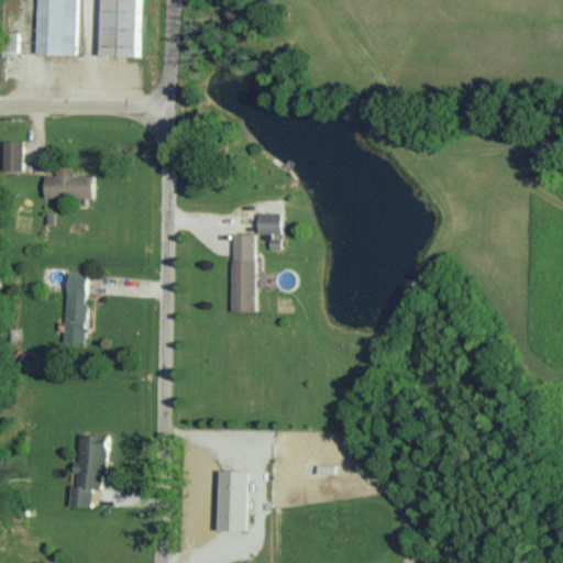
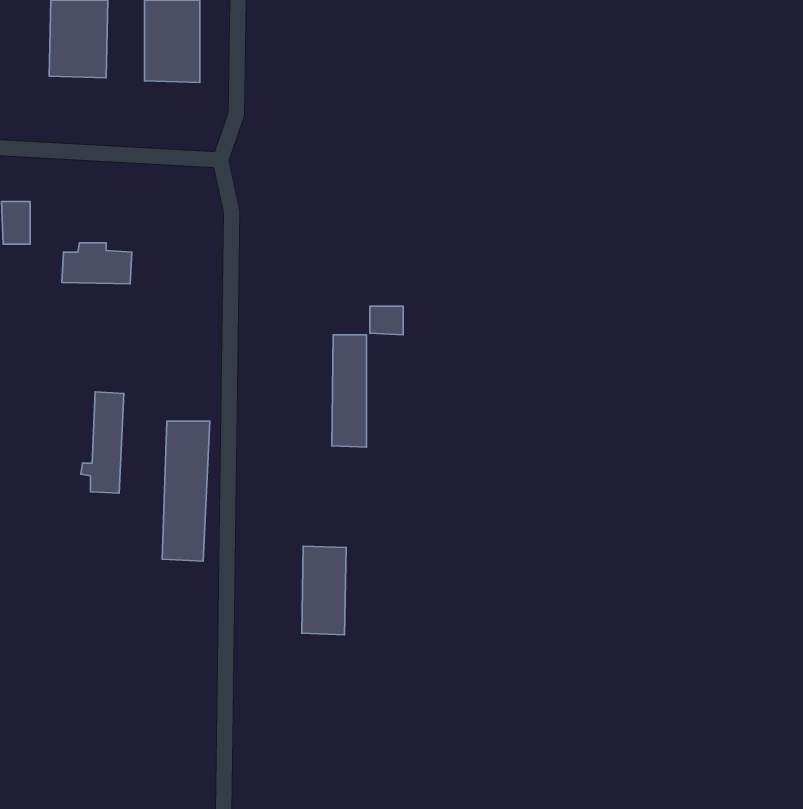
building: none -> [162,421,210,561]
building: [69,433,106,507] -> none
building: [219,470,250,531] -> [302,546,346,635]

